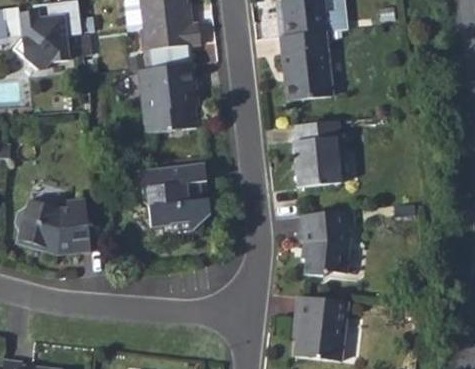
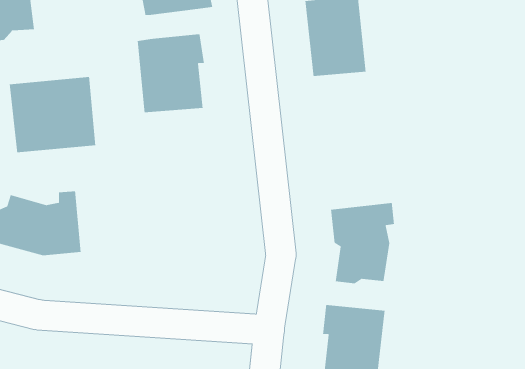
building: [148,43,191,67] -> none
building: none -> [9,76,96,153]
building: [293,118,342,188] -> none
building: [134,161,210,230] -> none

